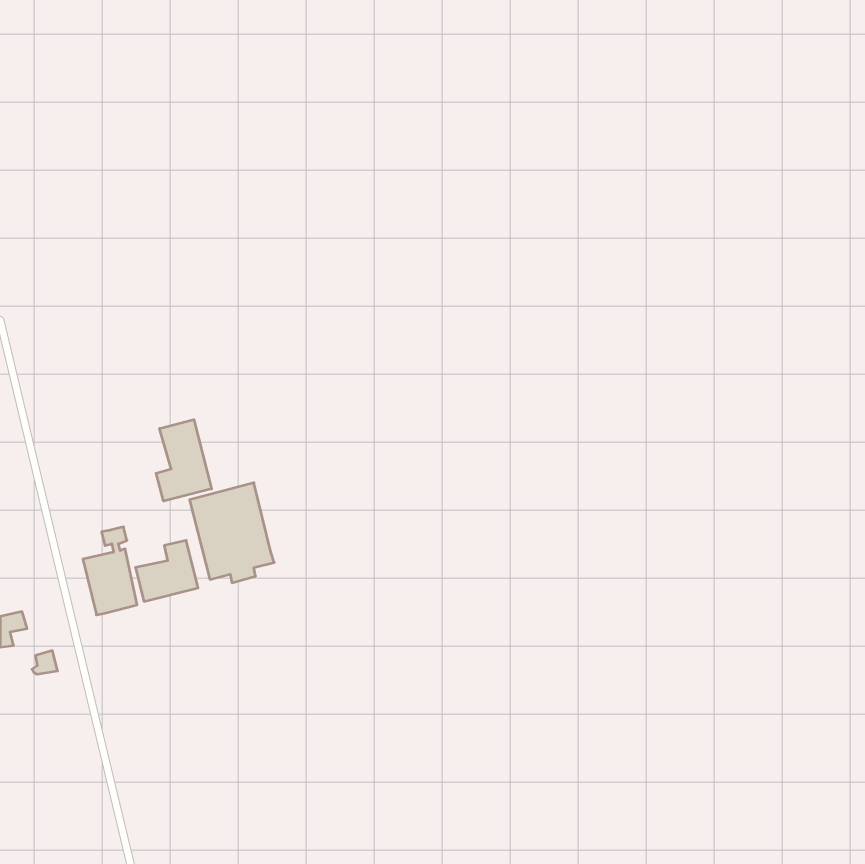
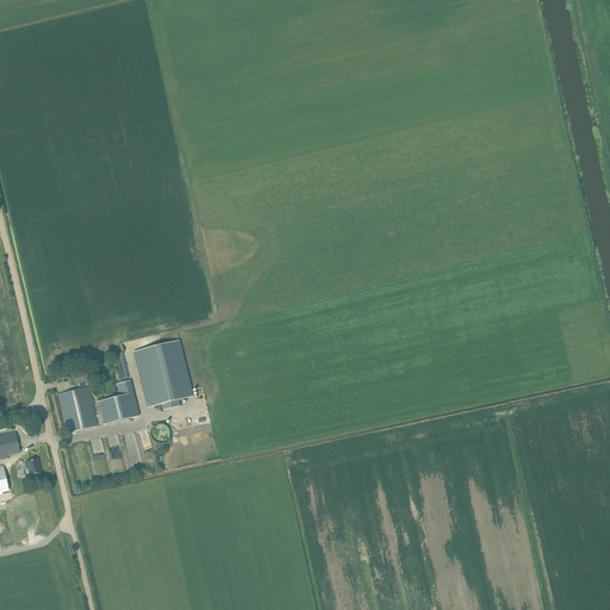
building: [156,420,212,501] -> none

